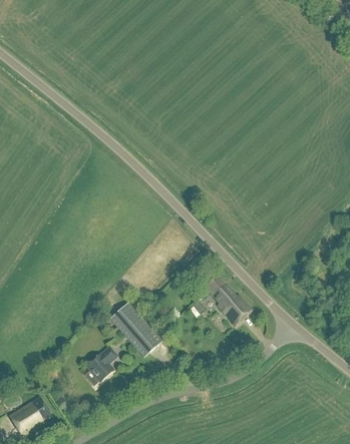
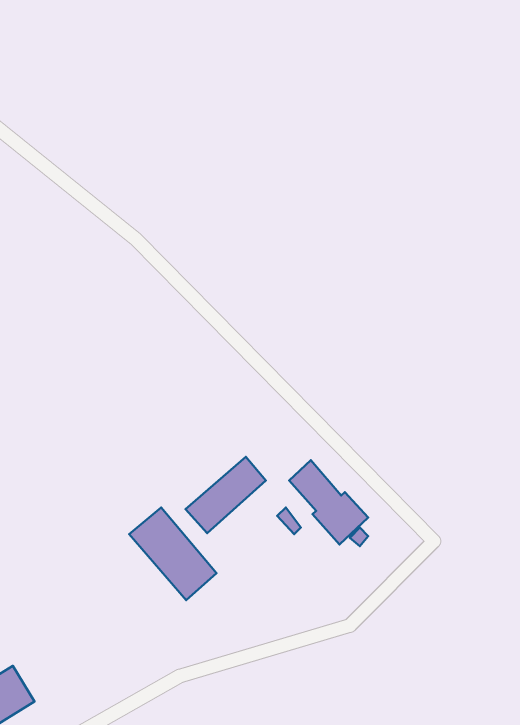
building: none -> [186,457,266,533]
building: [83,345,116,384] -> none

